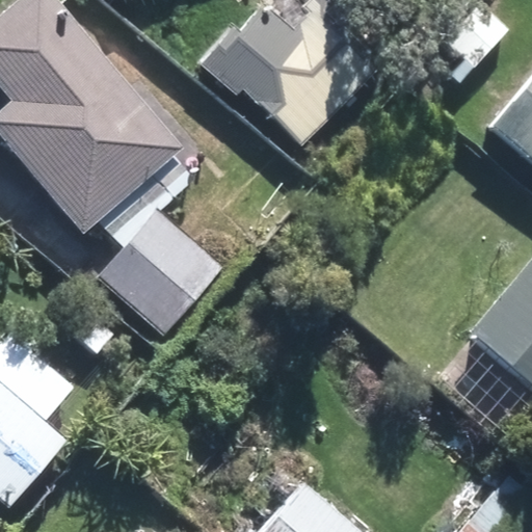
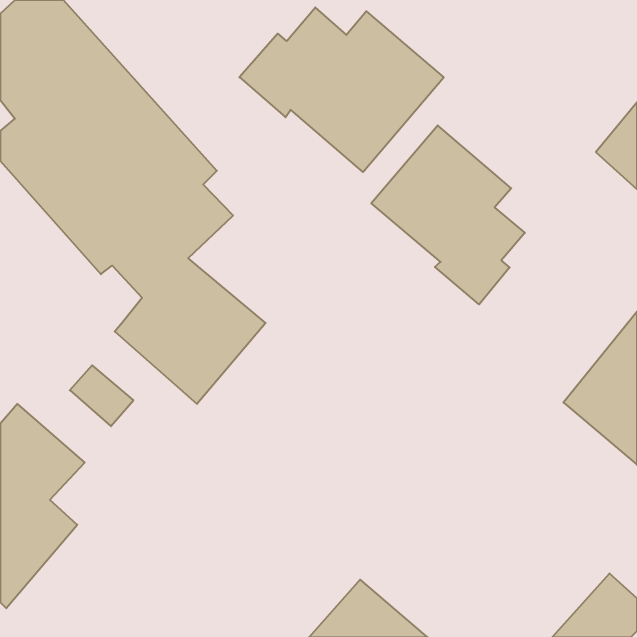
building: none -> [371,125,525,304]

